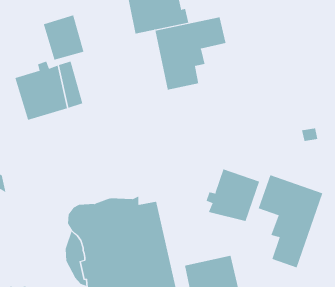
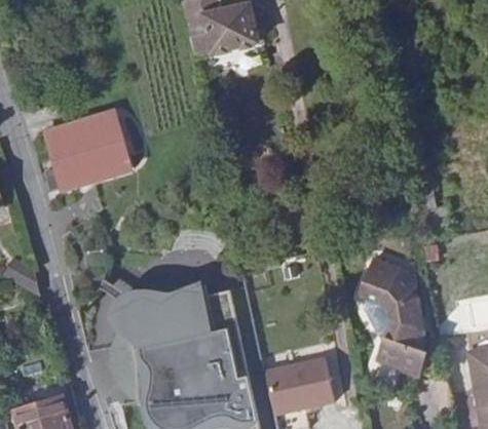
building: [43,15,84,61] -> none
building: [155,16,226,91] -> none
building: [206,169,260,222] -> none

